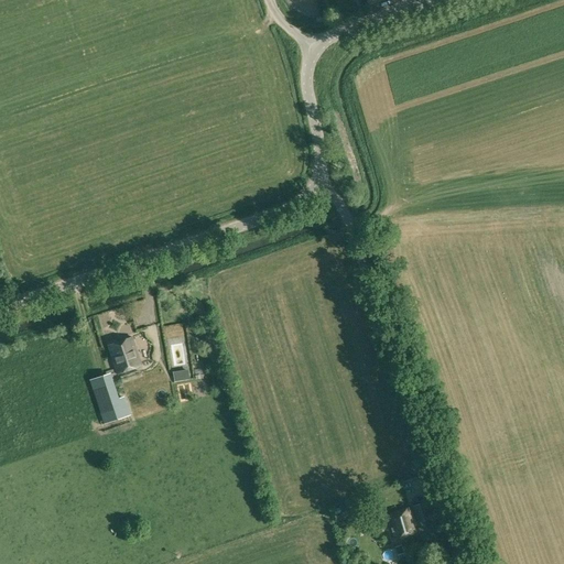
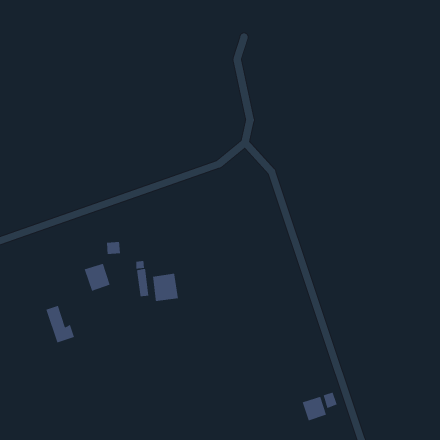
building: none -> [153,273,178,302]
building: [90,373,128,422] -> [46,305,75,343]

